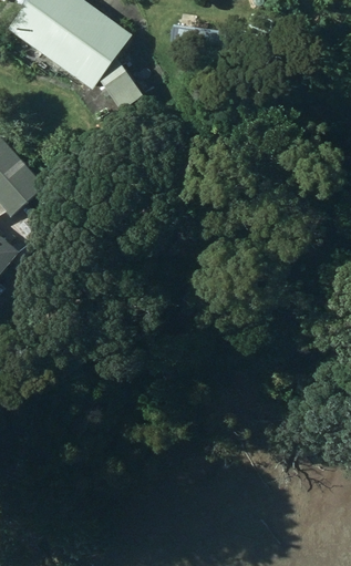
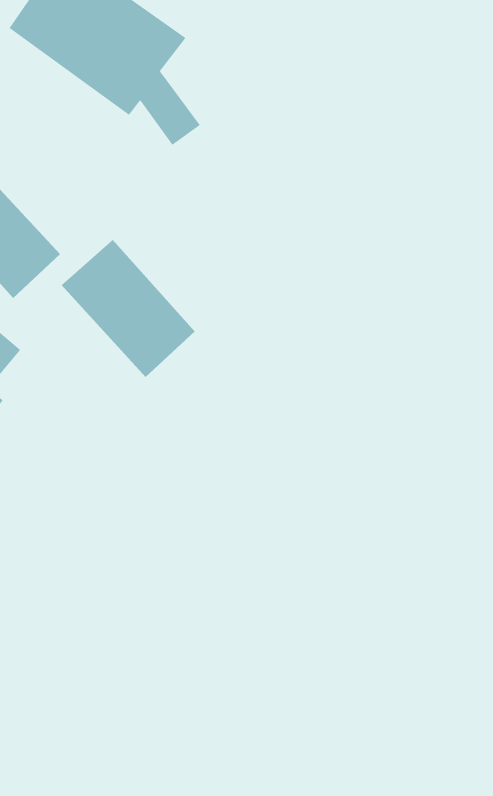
building: none -> [61,239,196,378]

